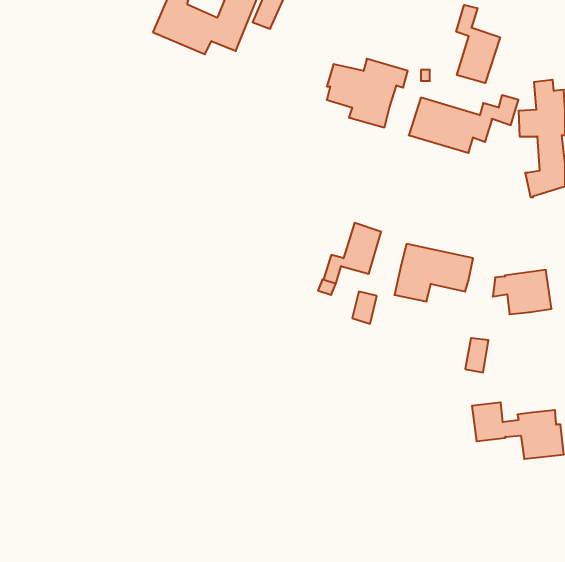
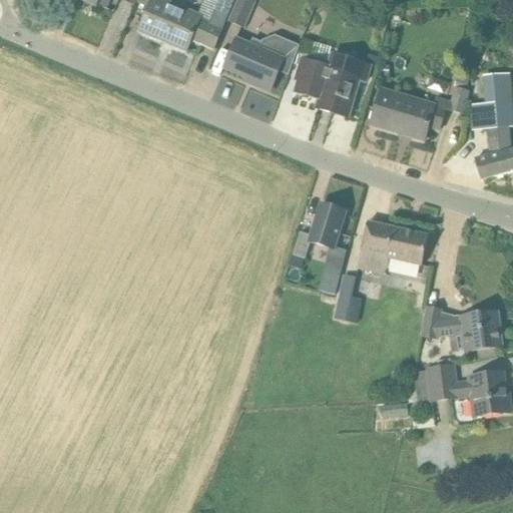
building: [456,5,500,83] -> none
building: none -> [223,33,299,89]
building: [493,270,552,314] -> [449,310,502,350]
building: none -> [333,292,362,320]

